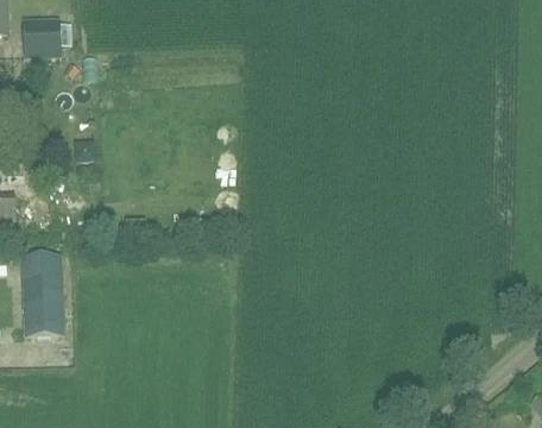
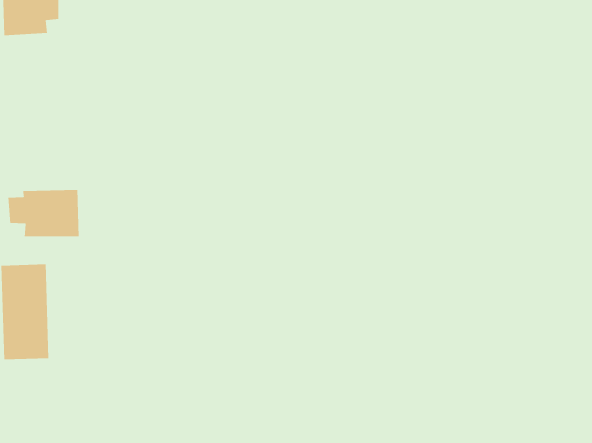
building: none -> [8,189,79,237]

